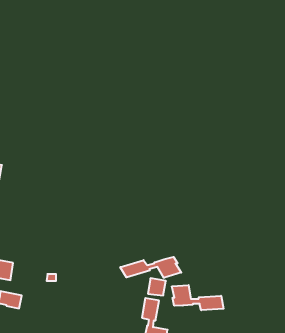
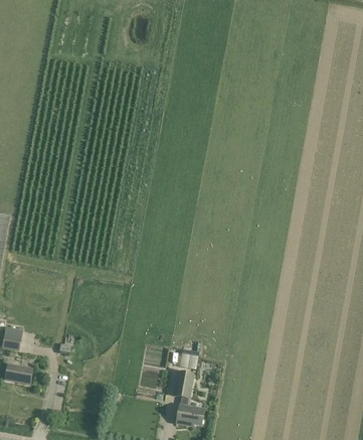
building: [120,257,181,278] -> none
building: [172,285,224,310] -> none

